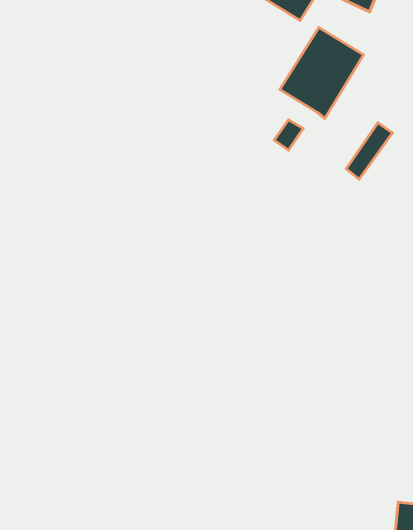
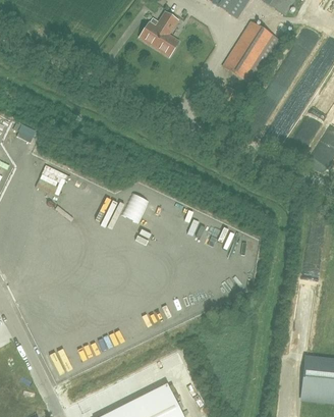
building: none -> [140,12,178,56]

